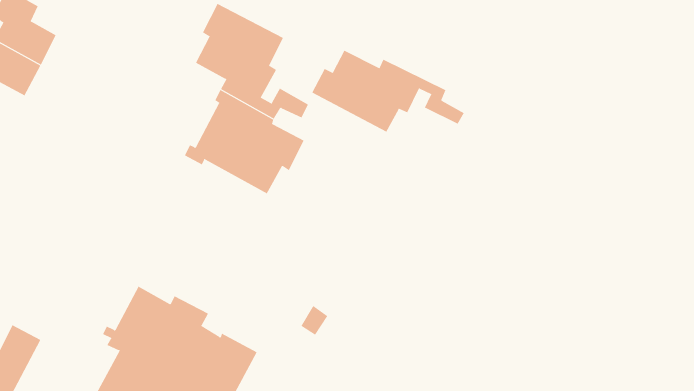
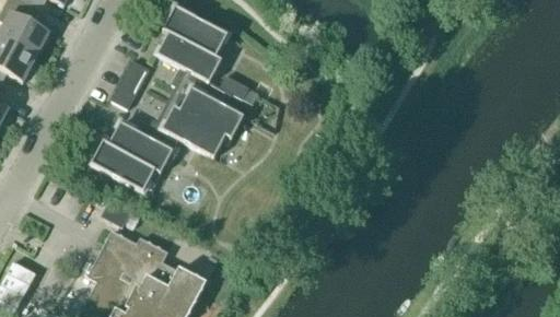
building: [311,50,464,132] -> none
building: none -> [112,58,150,107]
building: none -> [91,120,173,190]

